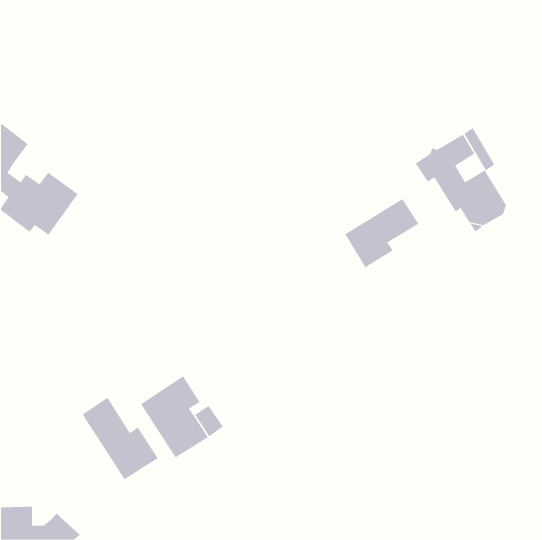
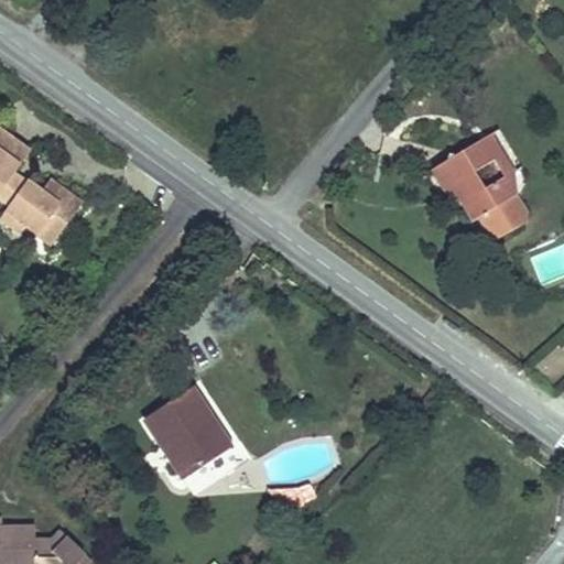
building: [345,198,419,268] -> none
building: [82,397,159,480] -> none

